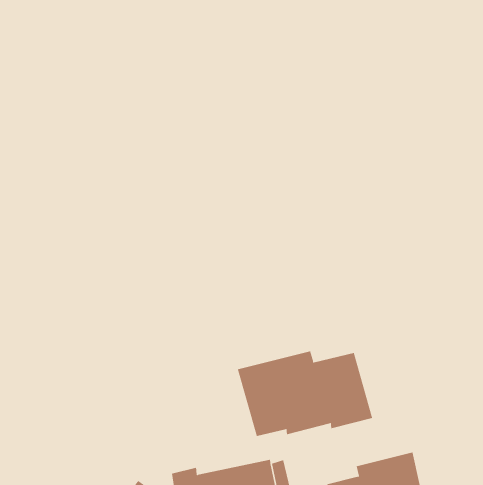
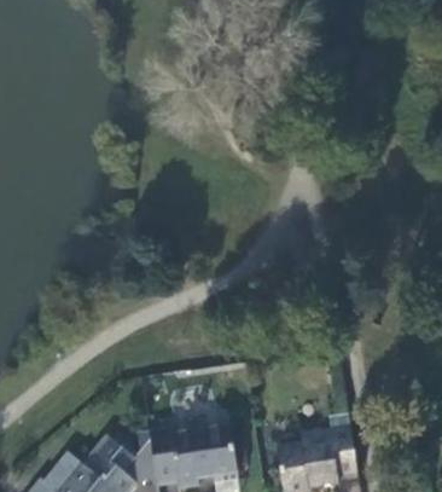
building: [237,351,373,437] -> none

